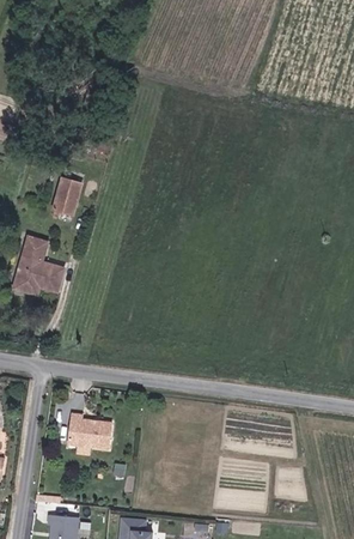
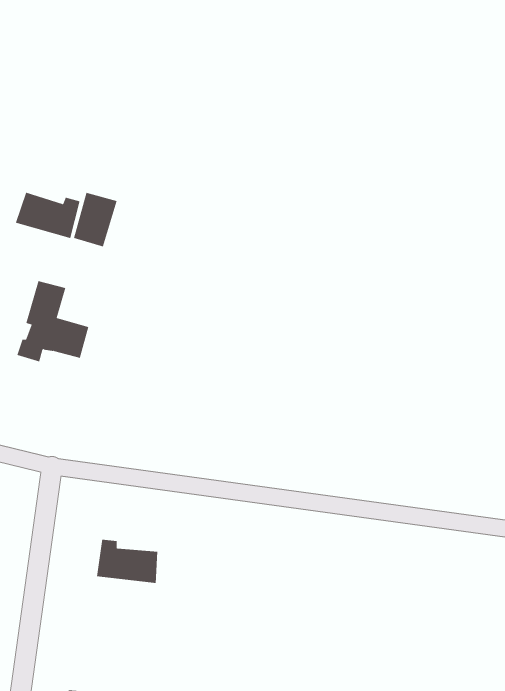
building: none -> [15,192,80,239]

